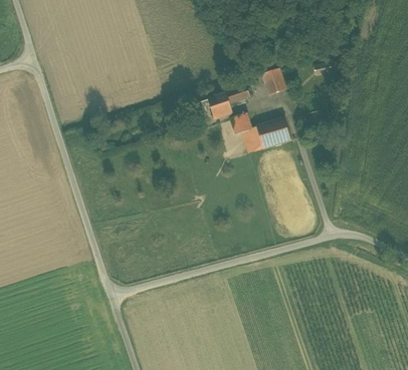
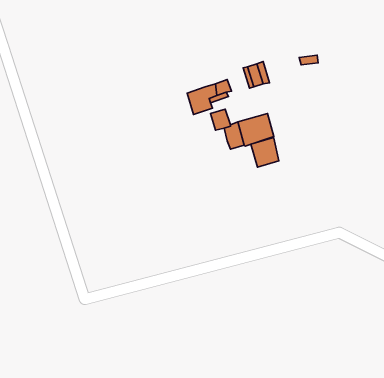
building: none -> [251,138,279,167]

